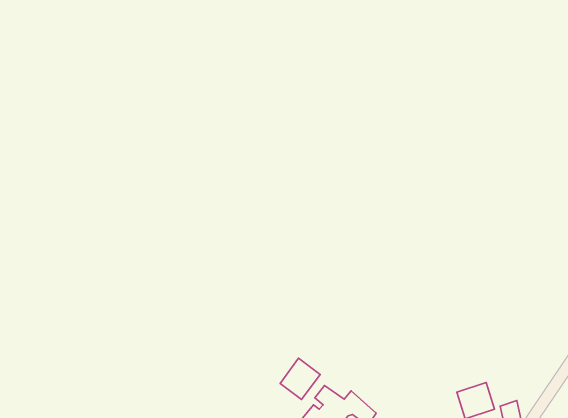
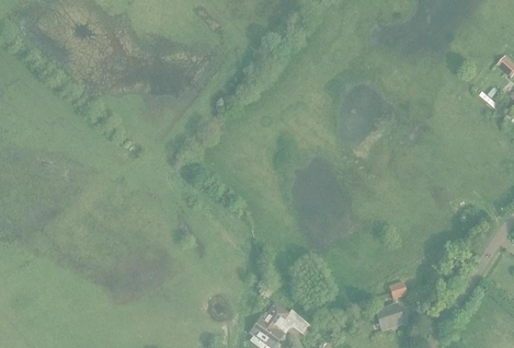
building: [280,358,320,400] -> none

